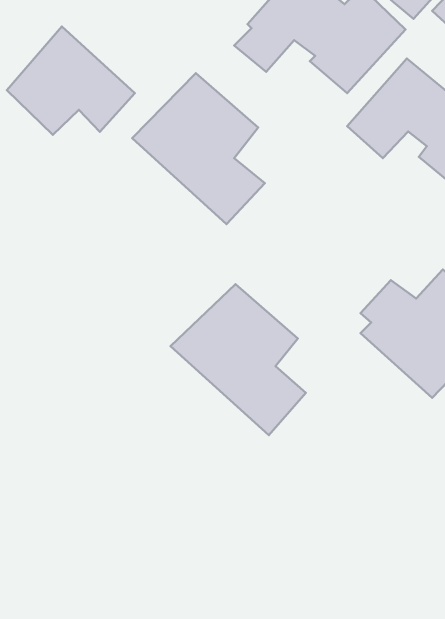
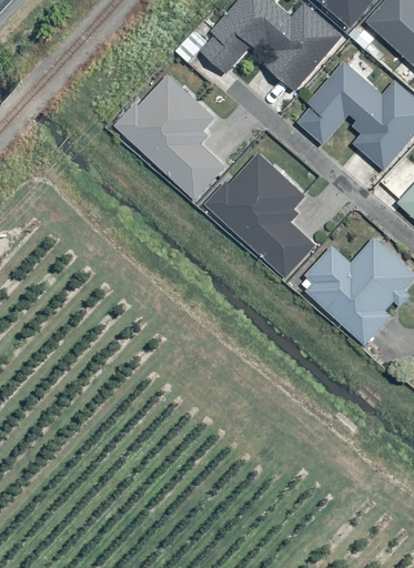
building: [7,26,135,135] -> none
building: [171,284,306,435] -> [202,153,315,280]

